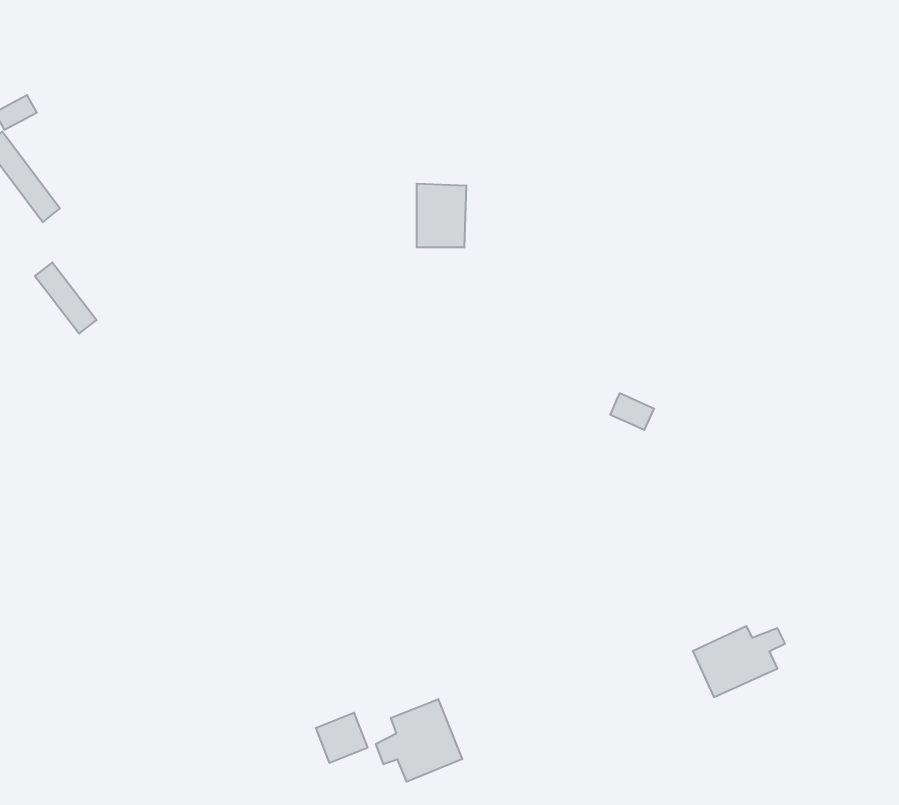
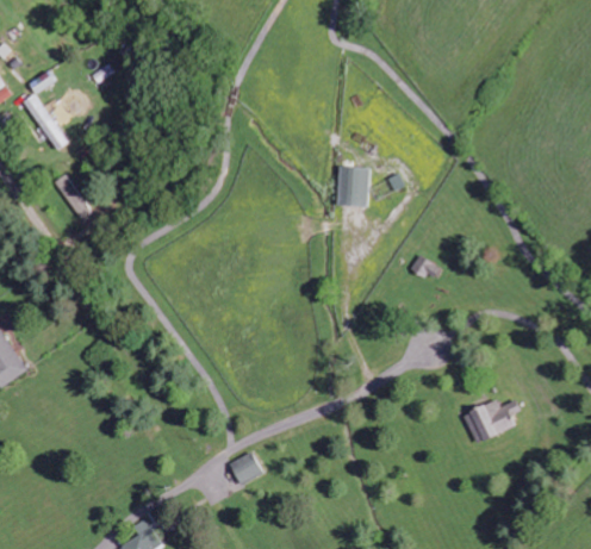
building: [417,184,467,247] -> [337,166,368,205]
building: [376,699,462,782] -> none

